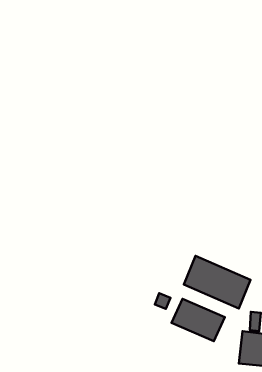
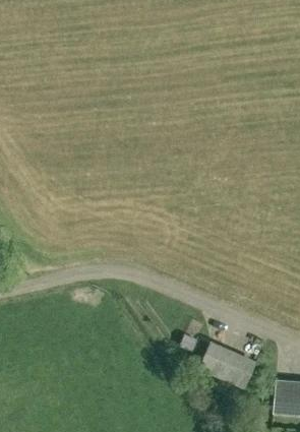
building: [184,256,251,308] -> none

